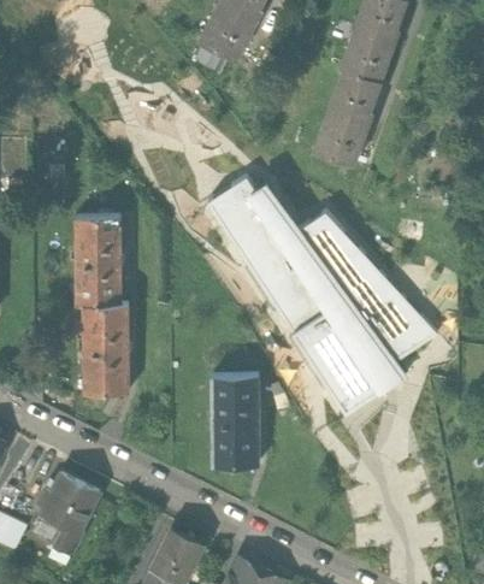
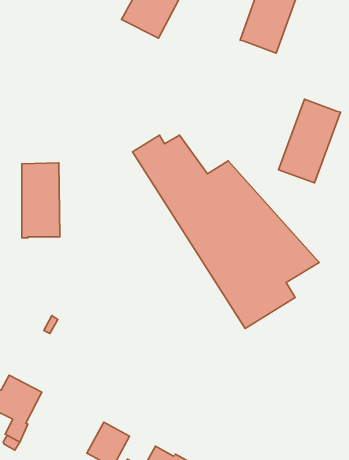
building: [313,69,388,170] -> [279,99,340,183]
building: [83,303,129,394] -> none
building: [213,376,259,466] -> none

